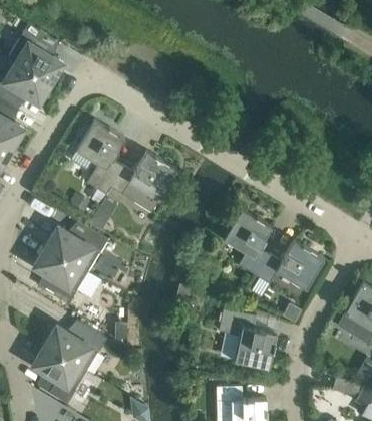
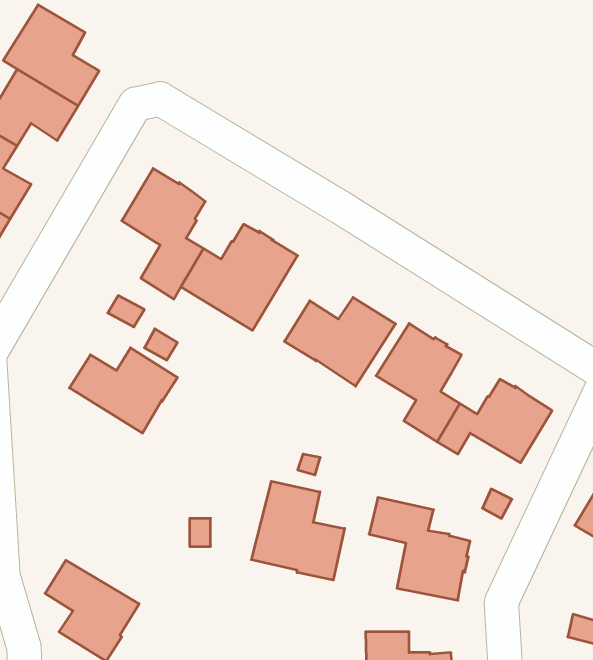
building: none -> [284,297,396,386]
building: [34,246,88,305] -> none
building: none -> [251,481,345,580]
building: [44,322,107,371] -> none

